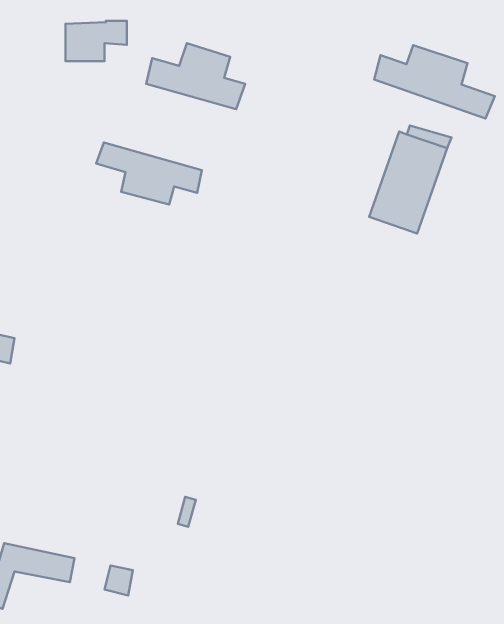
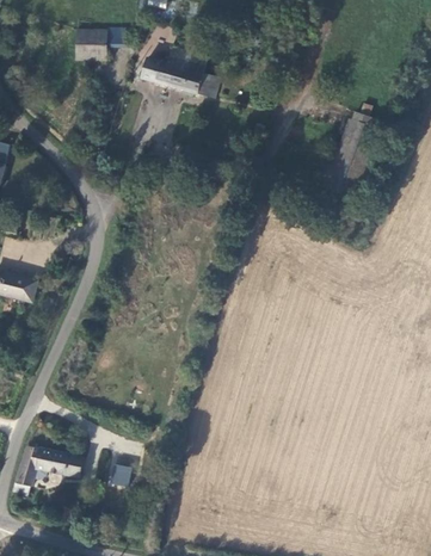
building: [374,45,495,118] -> none
building: [96,142,202,205] -> none

